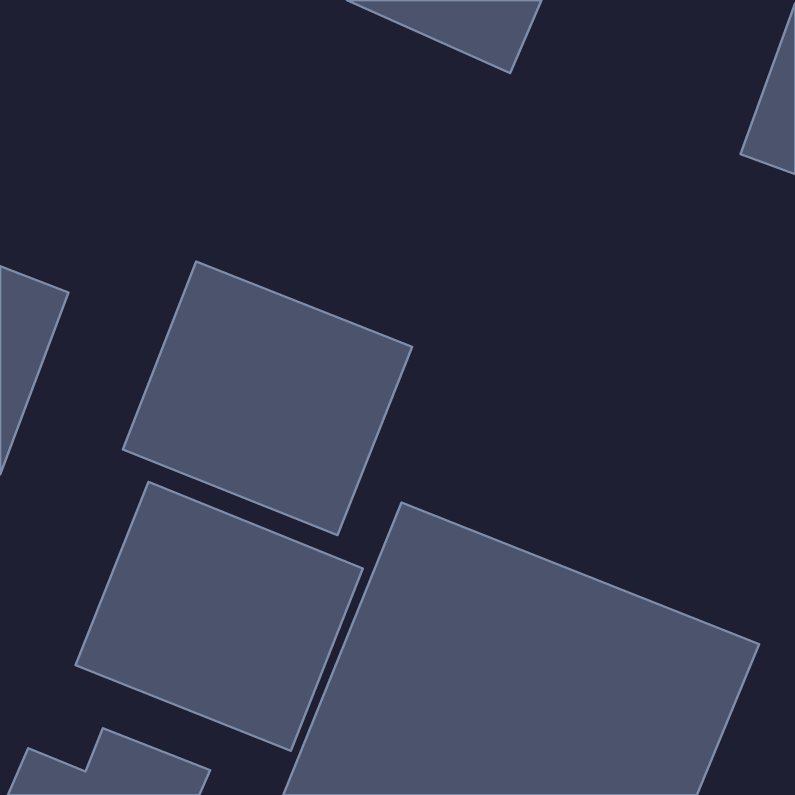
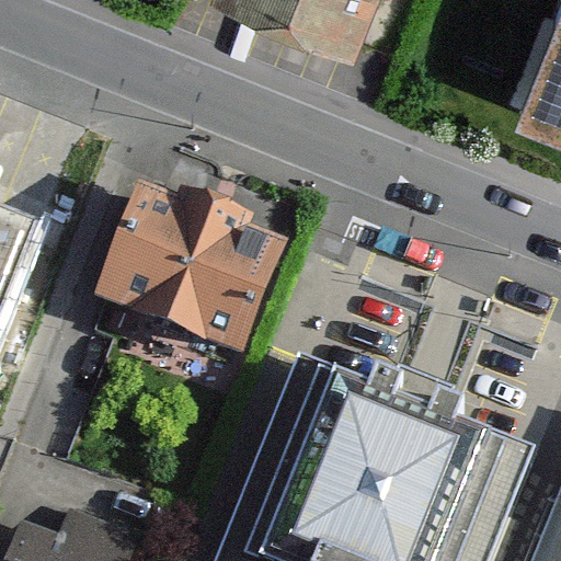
building: [75,482,363,751] -> none

